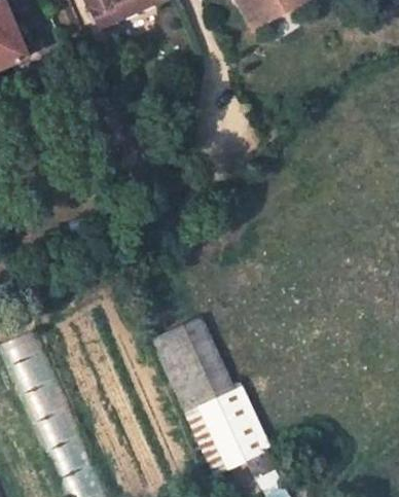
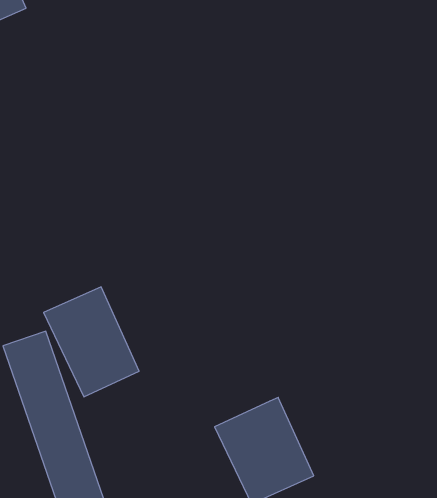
building: [153,316,233,409] -> [44,287,139,397]

